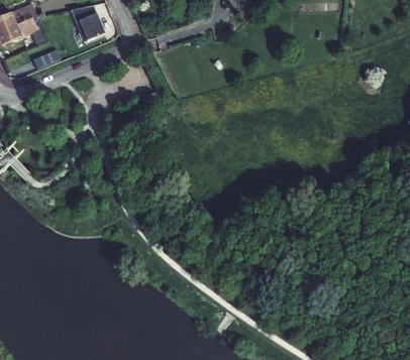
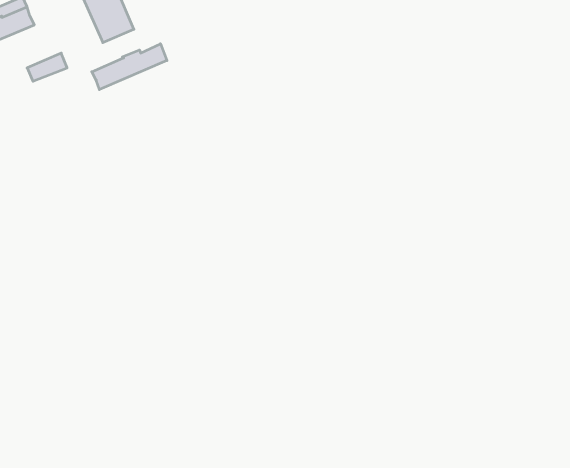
building: none -> [92,44,167,90]

